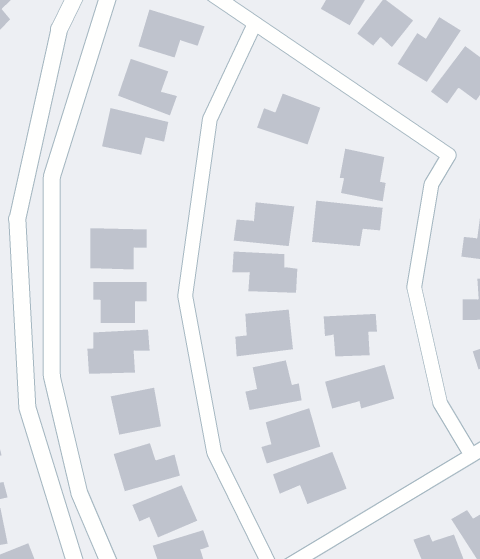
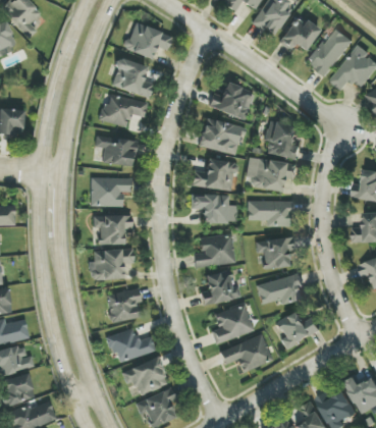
building: none -> [199,119,243,155]
building: none -> [95,136,135,167]
building: none -> [248,201,291,227]
building: none -> [275,310,321,350]

